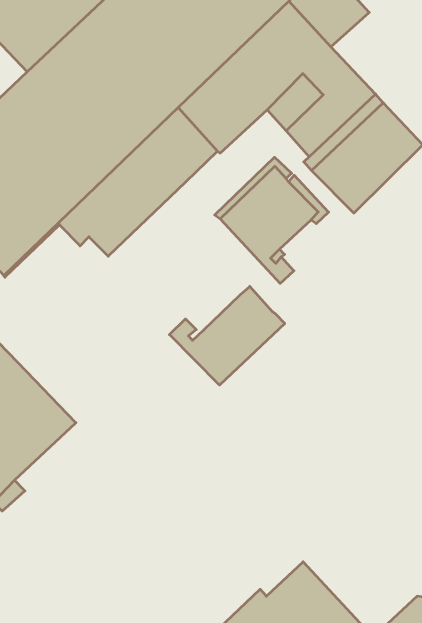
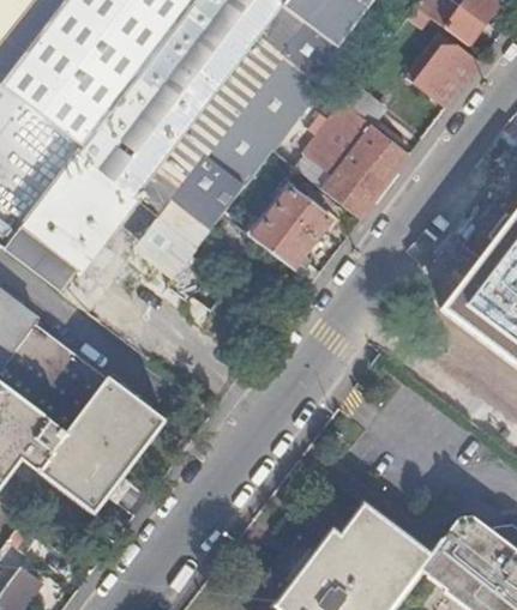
building: [169,286,285,385] -> none

